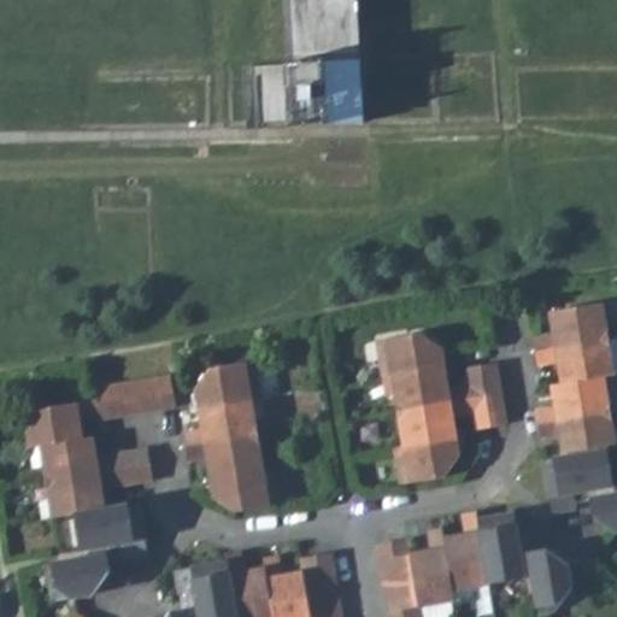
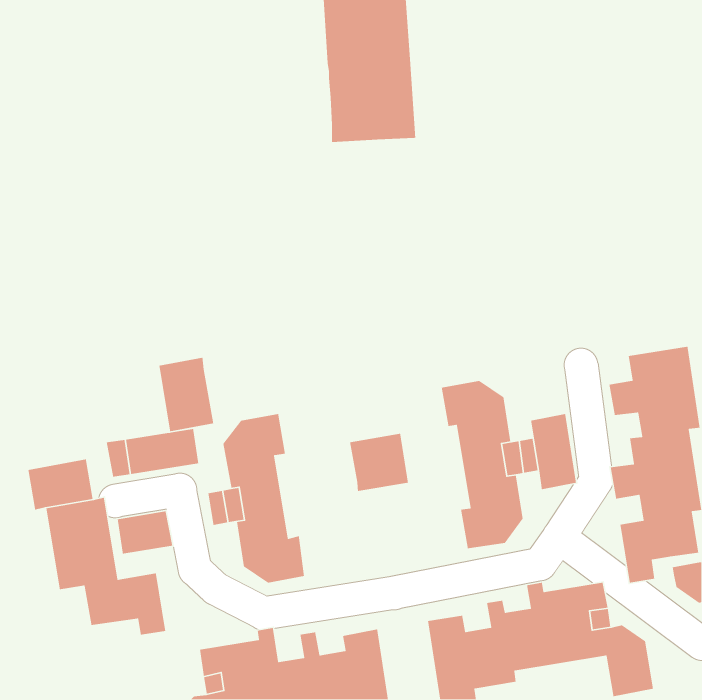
building: none -> [158,357,214,432]
building: none -> [349,433,409,492]
building: [45,553,108,600] -> none

